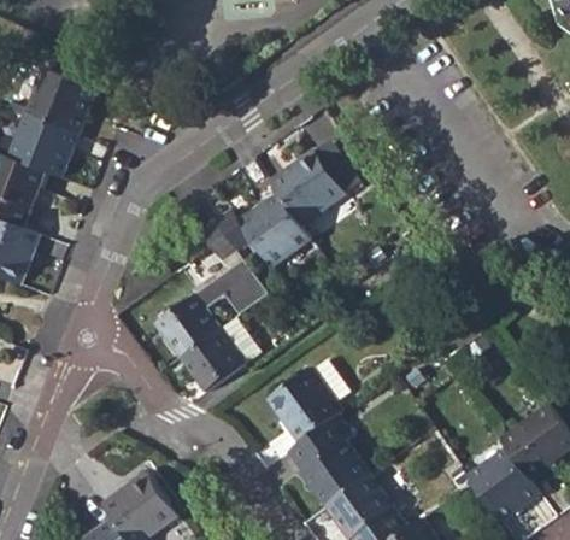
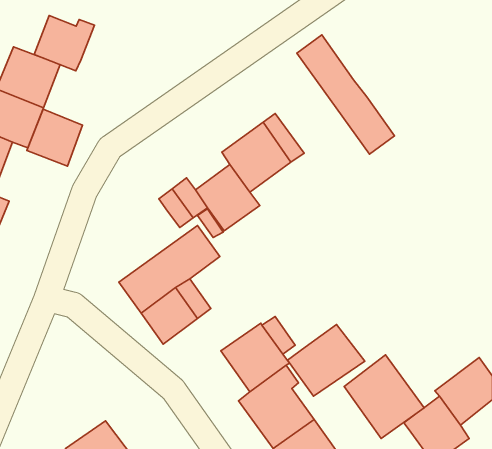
building: none -> [34,15,95,71]
building: none -> [297,35,395,154]
building: none -> [27,109,83,166]
building: none -> [288,325,365,396]
building: none -> [344,355,424,438]

